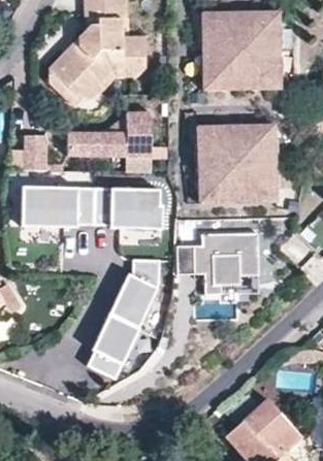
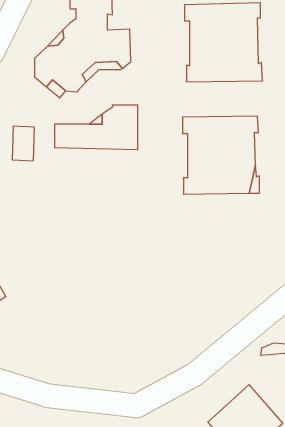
building: [23,184,165,230] -> none
building: [179,232,260,294] -> none
building: [87,259,160,378] -> none

